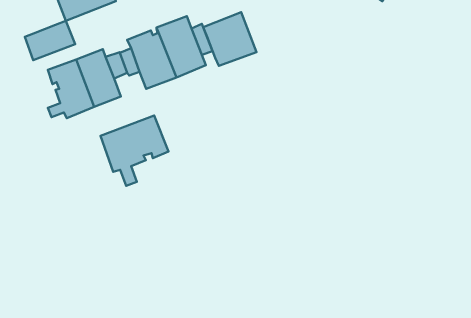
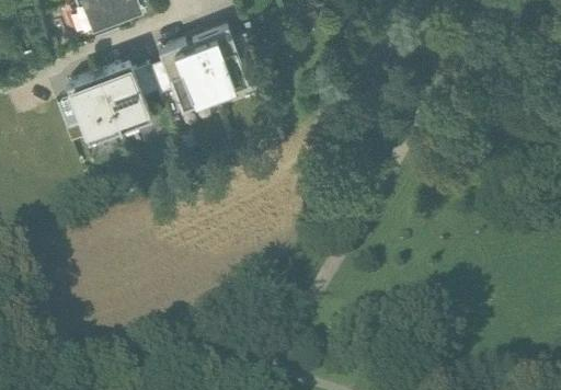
building: [203,12,256,66] -> none
building: [25,21,75,60] -> none
building: [101,116,168,186] -> none

